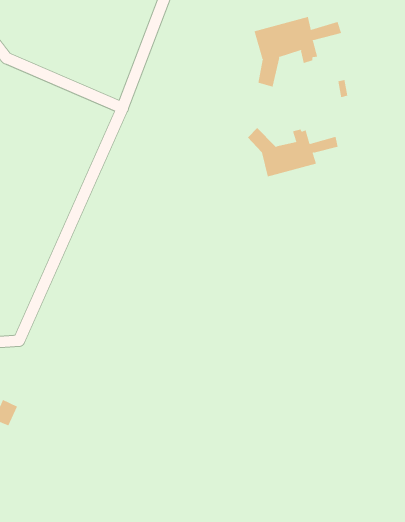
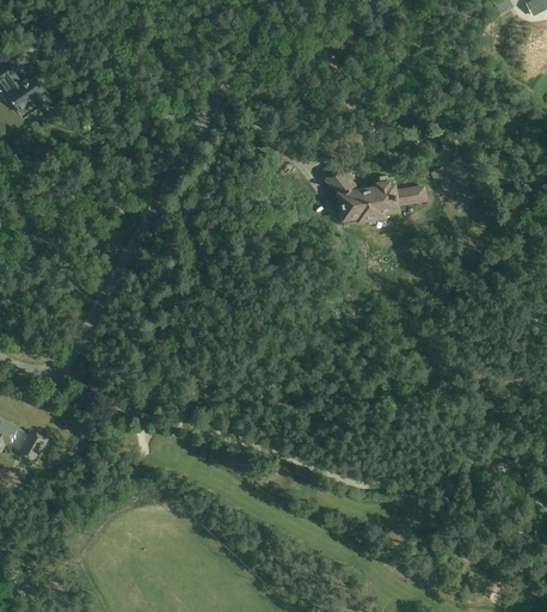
building: [254,16,342,88] -> none

